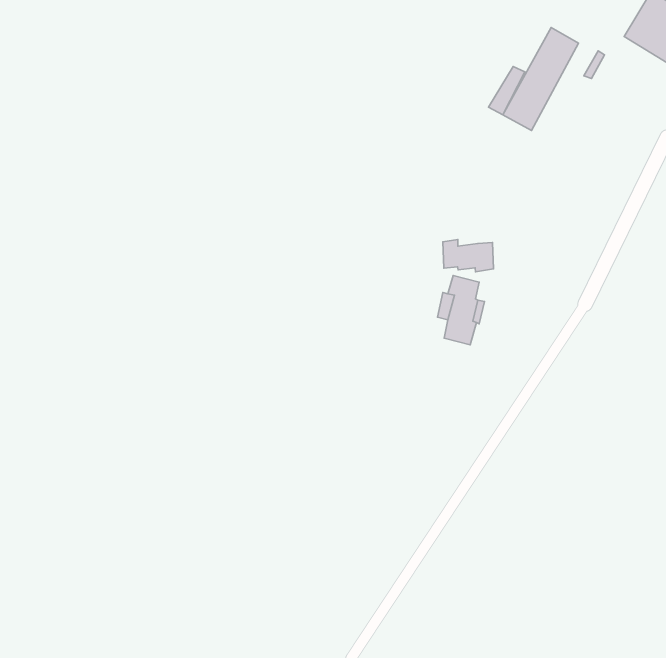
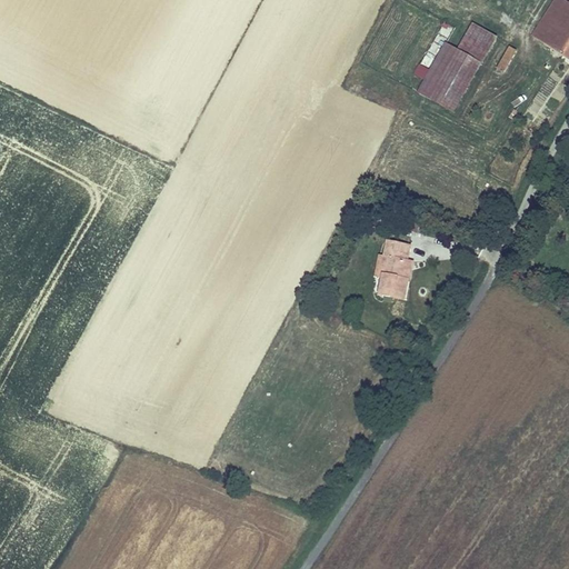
building: [443,240,494,272] -> none

